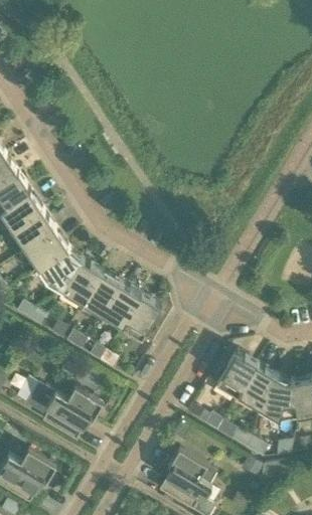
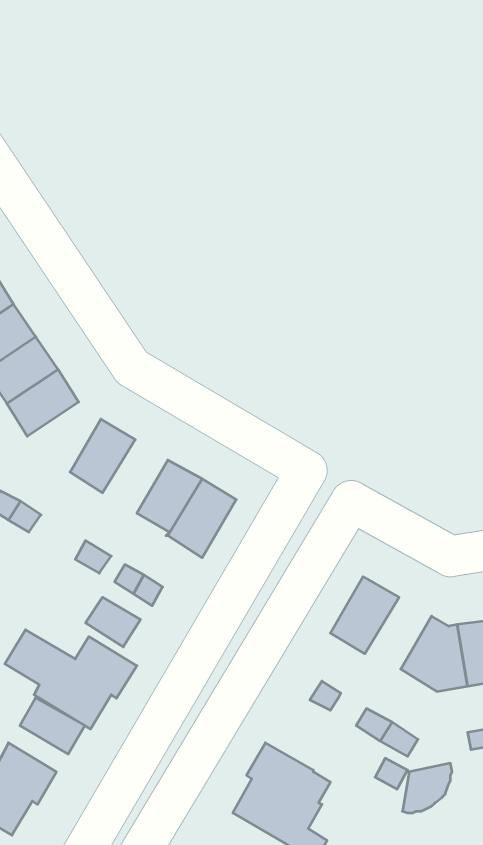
building: [38,248,82,290] -> none
building: [83,271,121,314] -> none
building: [237,363,276,405] -> none
building: none -> [20,698,85,754]

